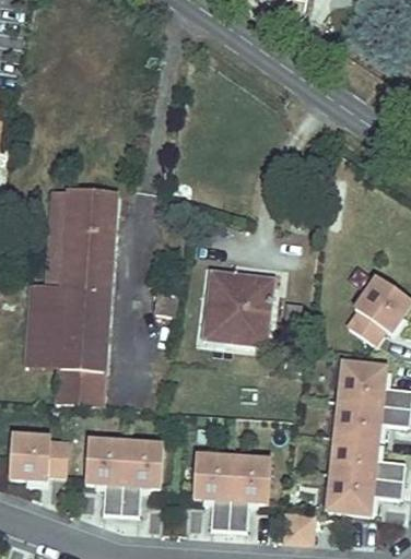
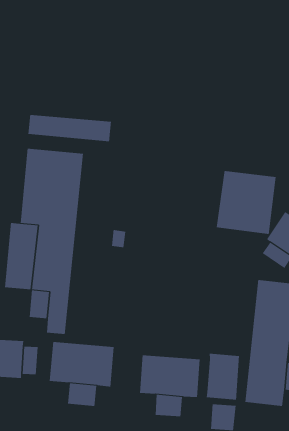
building: none -> [28,114,112,142]
building: [201,272,277,352] -> [216,171,276,234]
building: none -> [206,353,240,400]

